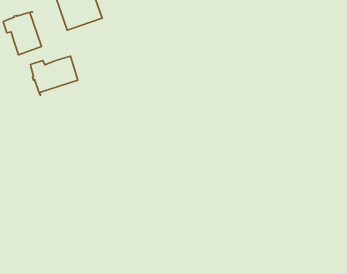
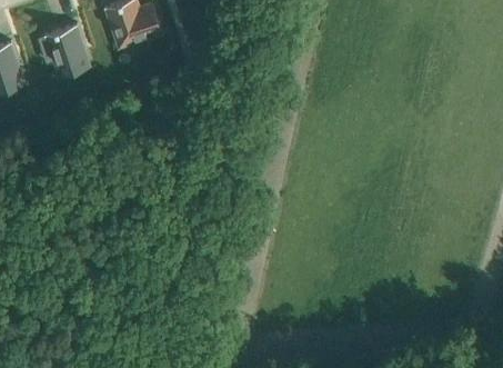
building: [30,56,78,95] -> none

